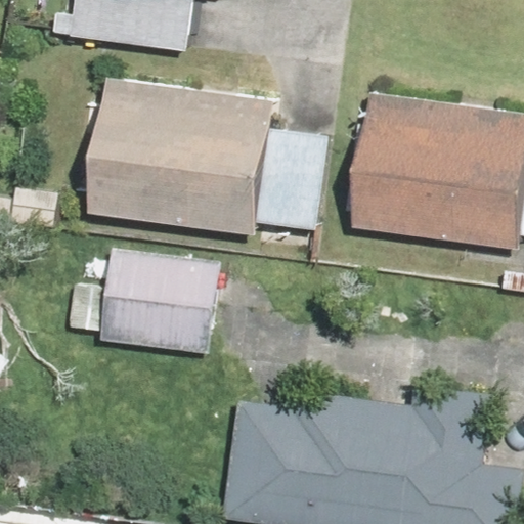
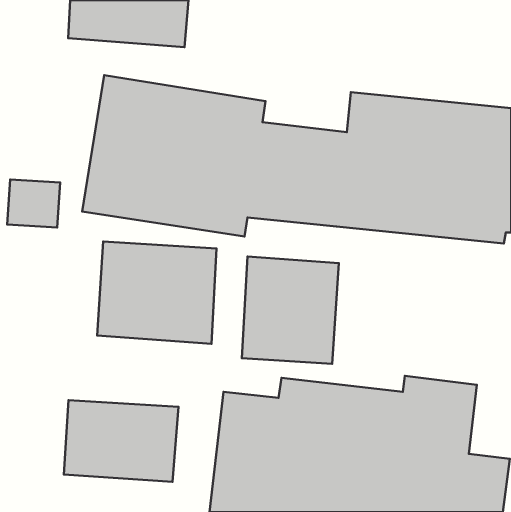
building: none -> [242,257,339,364]
building: none -> [64,400,178,482]

